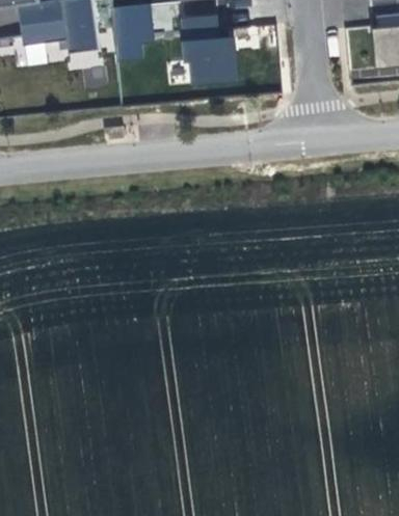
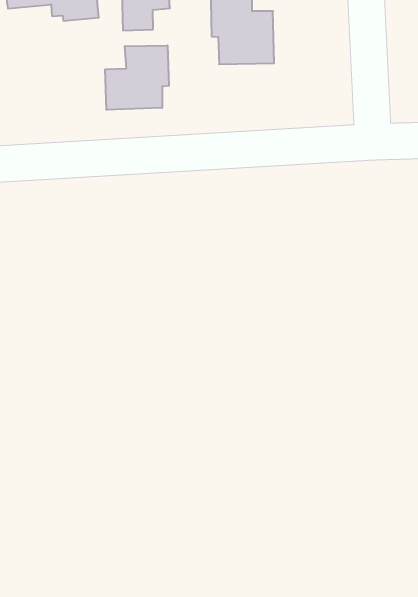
building: none -> [105,45,169,110]

